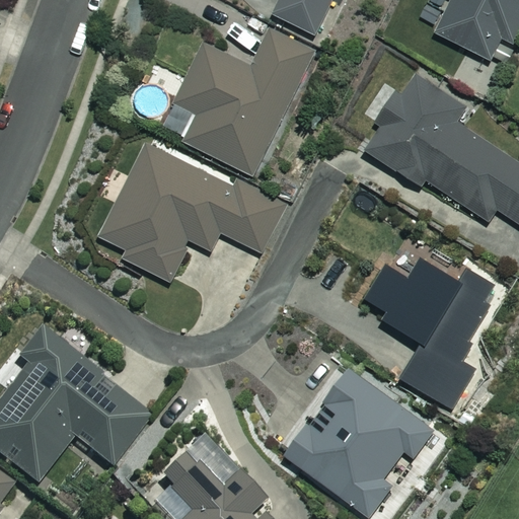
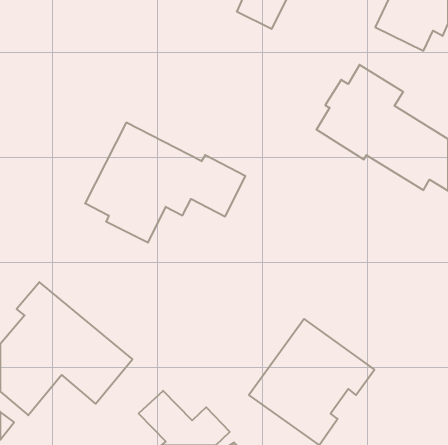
building: [163,28,314,172] -> none
building: [365,260,493,406] -> none

